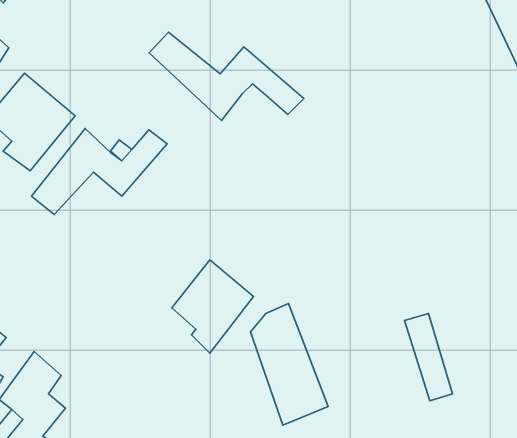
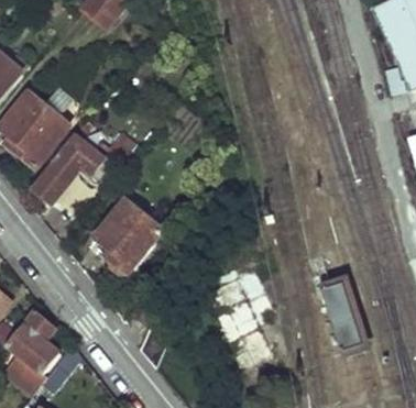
building: [149,32,304,120] -> none
building: [172,260,254,353] -> [94,200,157,273]

